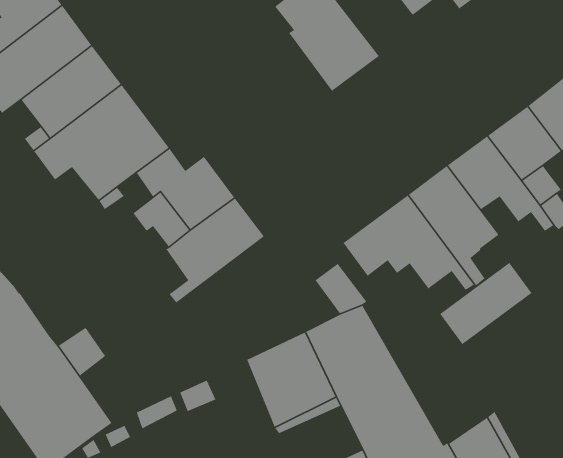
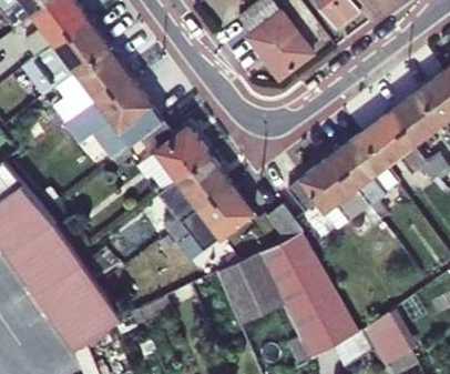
building: none -> [167,184,253,244]
building: [439,262,533,345] -> none

